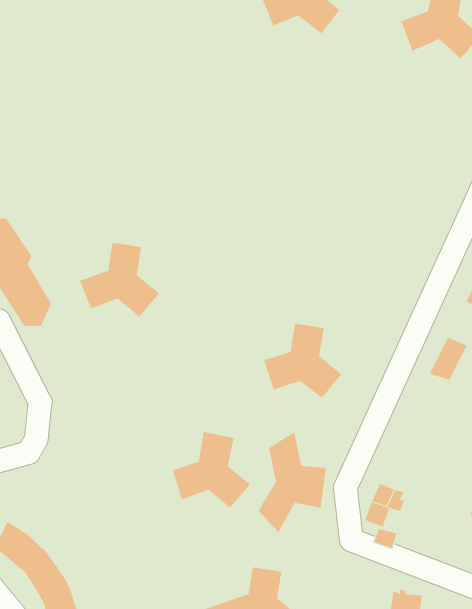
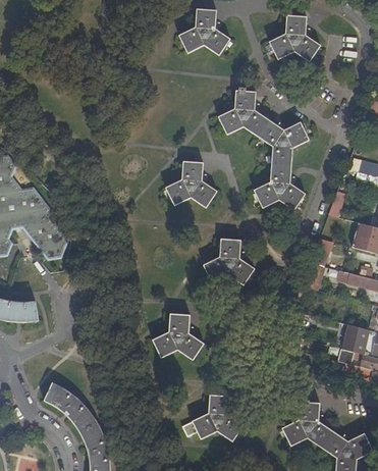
building: none -> [219,88,310,209]
building: [79,242,160,317] -> [165,161,217,207]
building: [258,431,327,533] -> none

